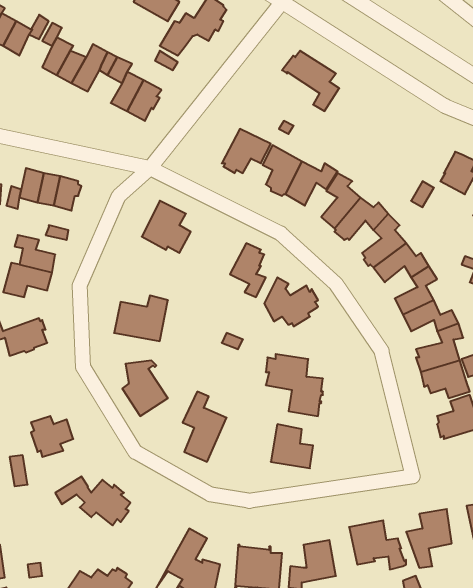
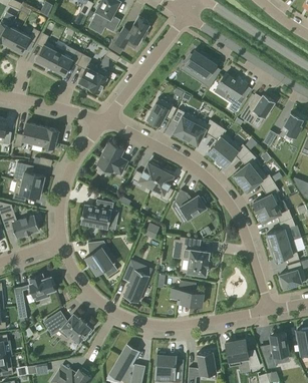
building: none -> [218,73,247,113]
building: none -> [240,93,275,123]
building: none -> [130,162,162,187]

